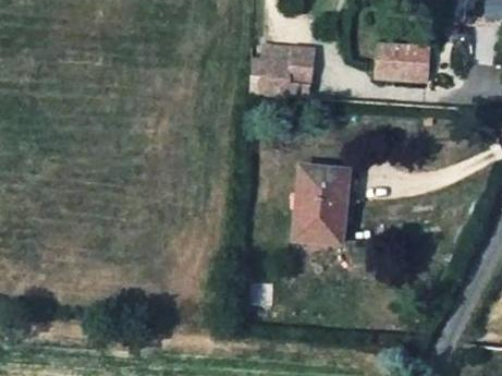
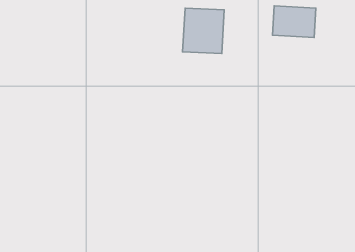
building: [299,169,343,240] -> none

